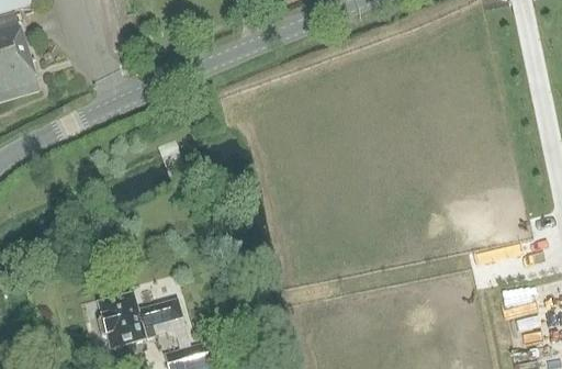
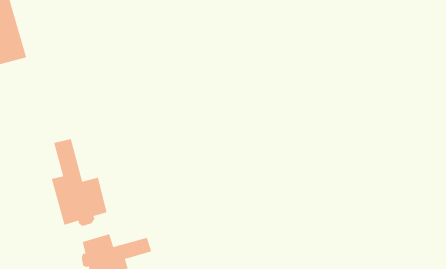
building: none -> [51,138,108,227]

